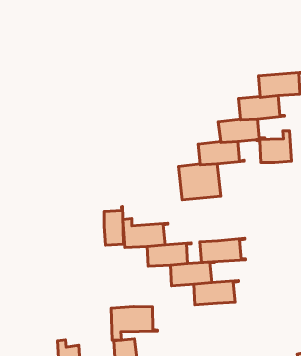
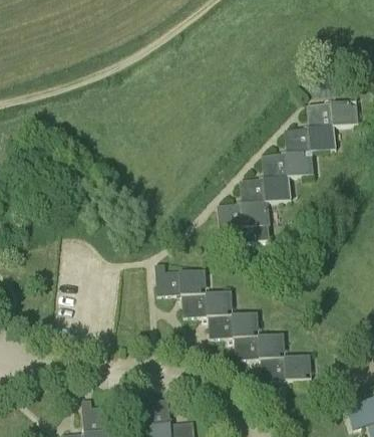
building: [256,131,291,162] -> none
building: [104,207,123,245] -> none
building: [200,238,246,263] -> [261,354,312,381]
building: [111,307,157,340] -> none

